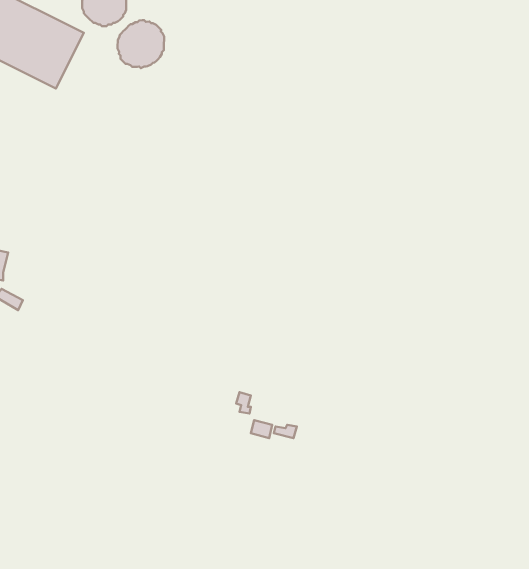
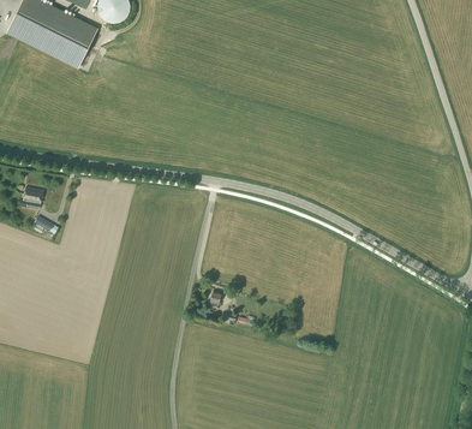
building: [117,20,164,68] -> none

